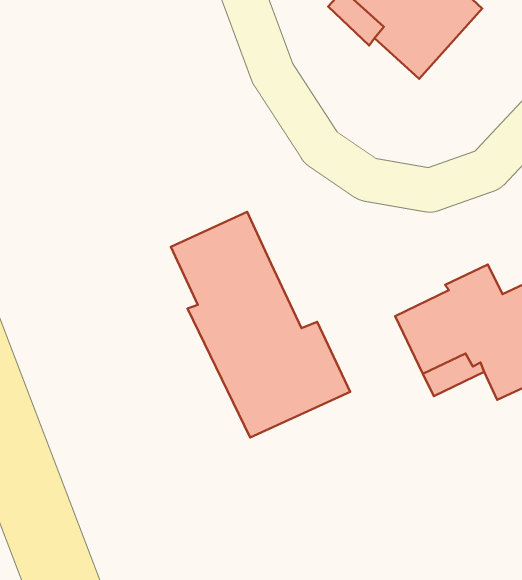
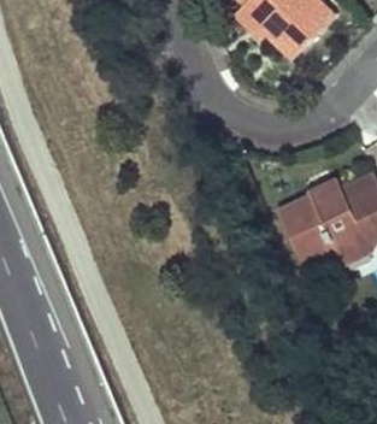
building: [171,212,350,438] -> none

